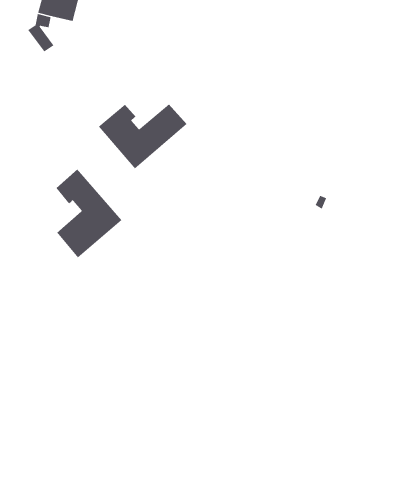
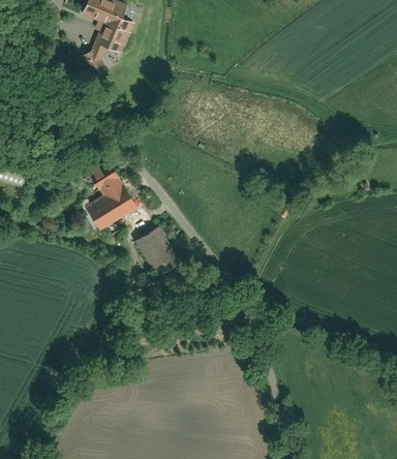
building: [98,103,188,170] -> none
building: none -> [134,228,177,276]

